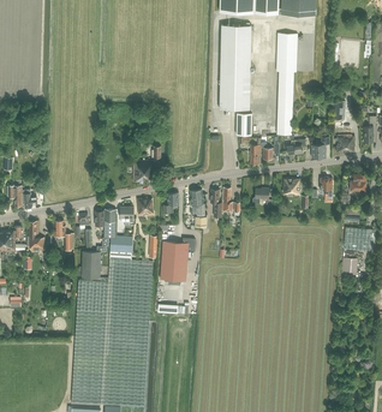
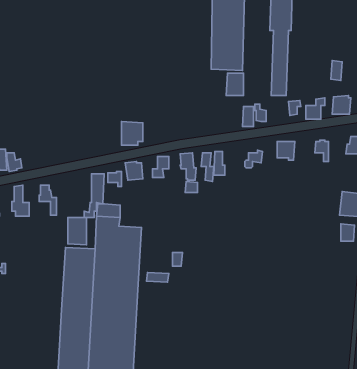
building: [161,237,196,283] -> none

